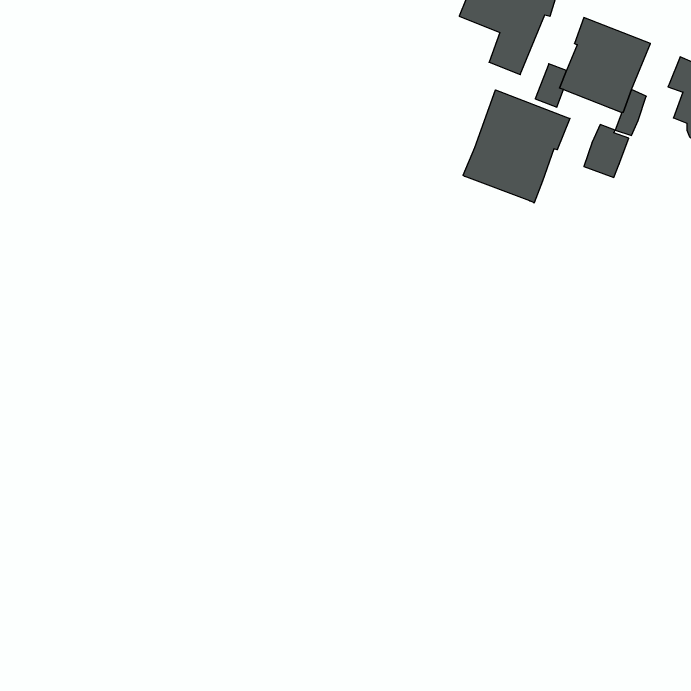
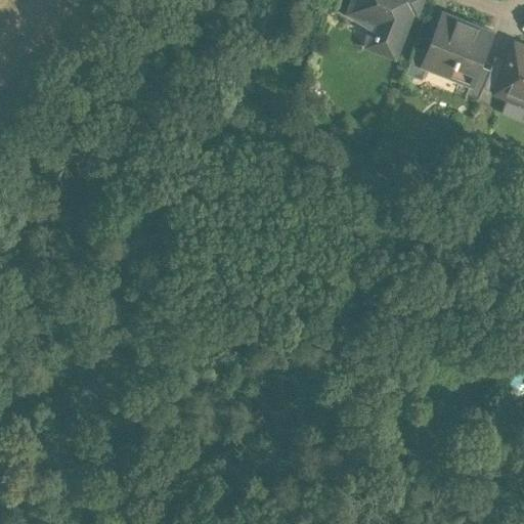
building: [463,90,570,203] -> none
building: [584,125,629,177] -> [483,59,517,99]

